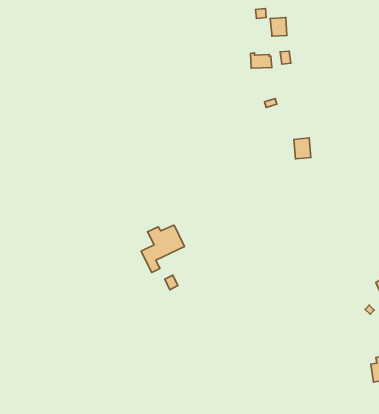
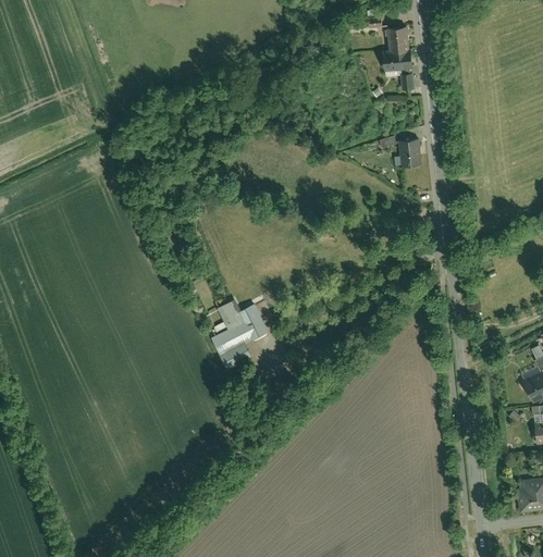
building: [250,53,272,68] -> [382,49,410,70]
building: [294,138,311,159] -> [397,138,420,166]

